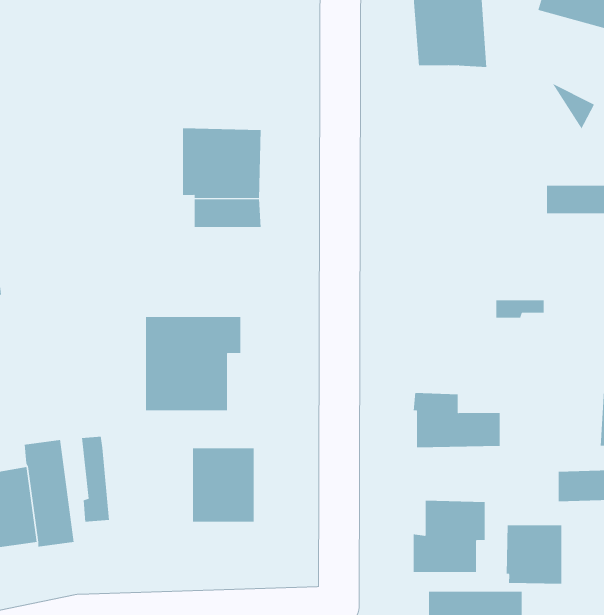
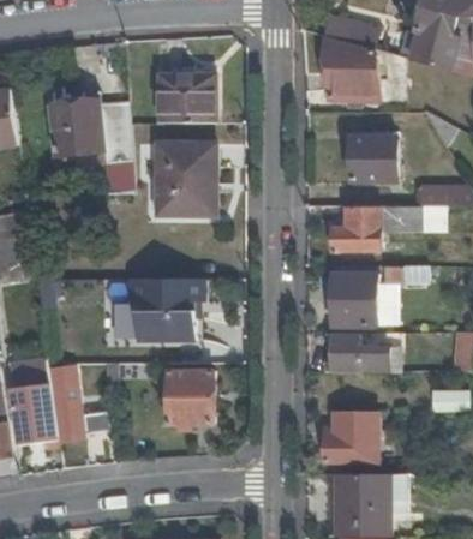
building: none -> [160,77,215,125]
building: none -> [50,101,133,194]
building: none -> [349,138,396,181]
building: none -> [331,205,417,250]
building: none -> [330,274,376,324]
building: [506,525,562,585] -> none

